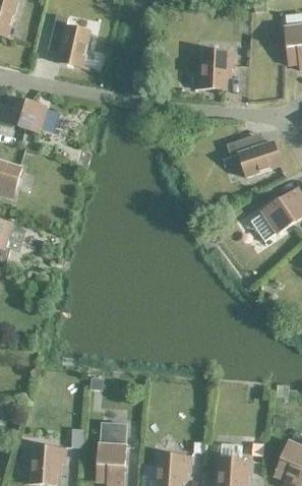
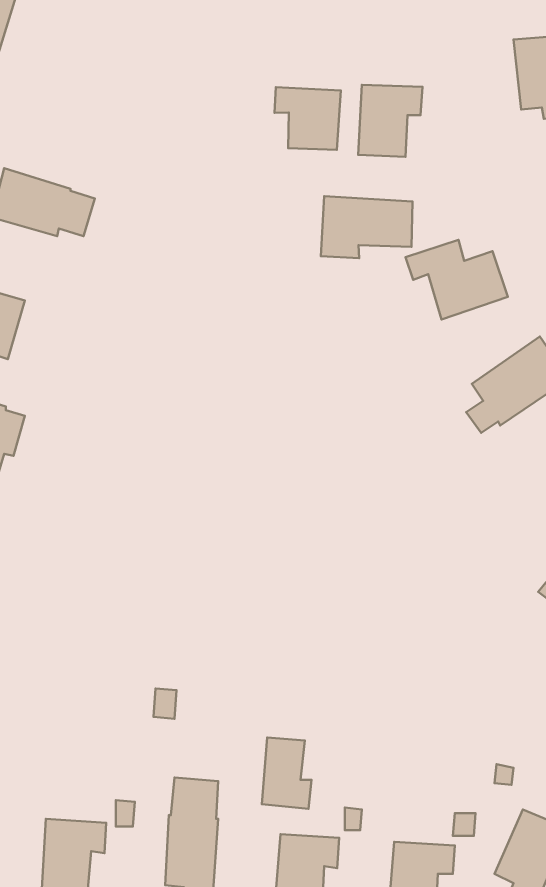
building: [48,13,88,66] -> none
building: none -> [274,87,341,150]
building: none -> [321,196,413,258]
building: none -> [262,737,311,809]

